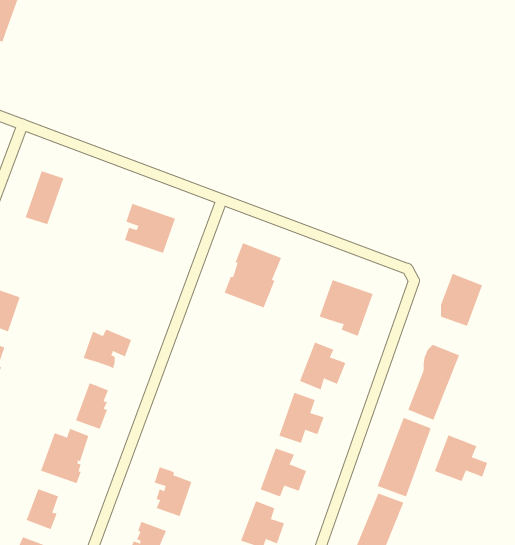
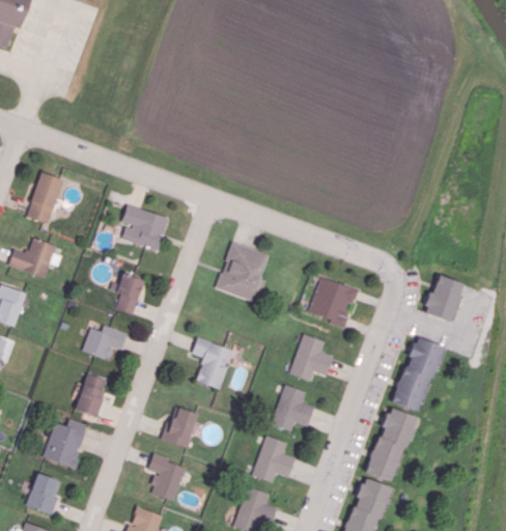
building: none -> [8,239,56,277]
building: none -> [116,274,145,315]
building: none -> [192,336,235,390]
building: none -> [161,408,199,448]
building: [434,434,488,482] -> none

